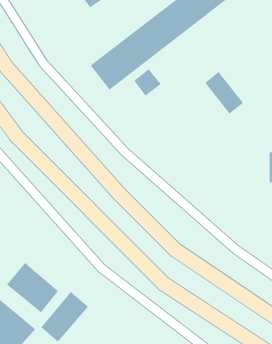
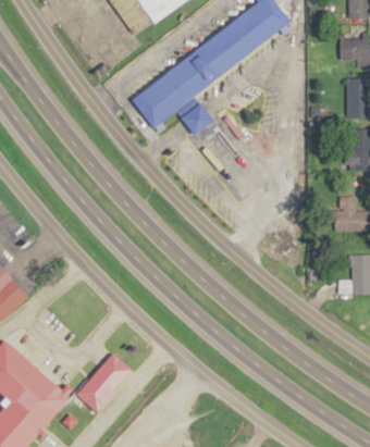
building: [205,71,244,114] -> none
building: [6,262,59,313] -> none

